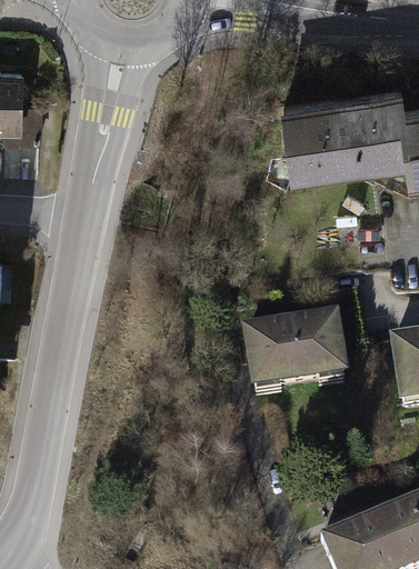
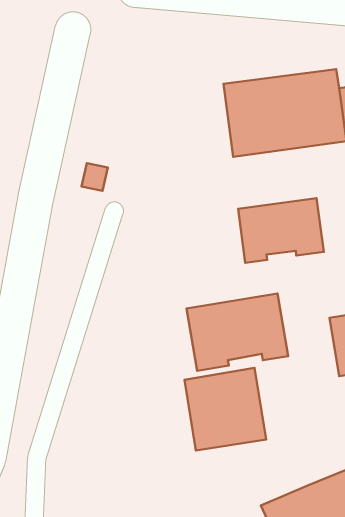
building: none -> [238,198,324,263]
building: none -> [184,368,266,450]

